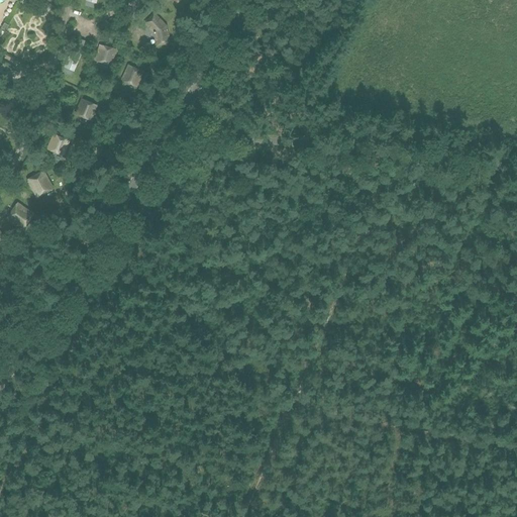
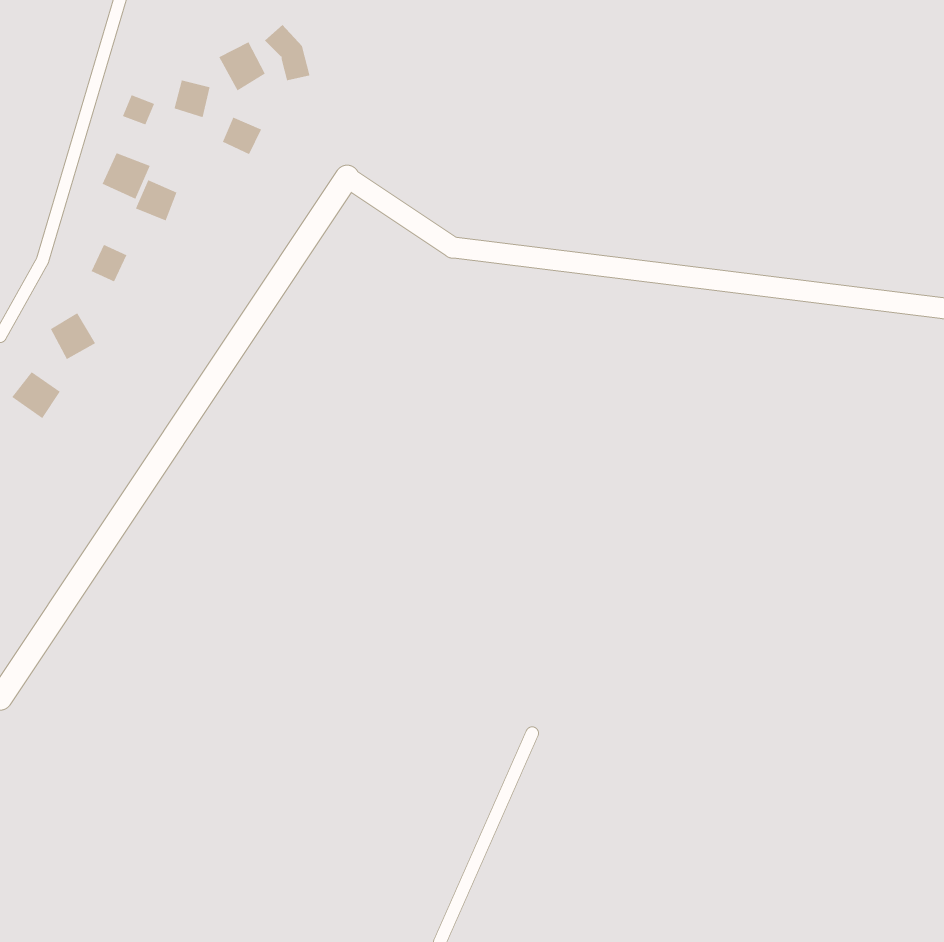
building: none -> [218,41,266,91]
building: none -> [102,152,151,200]

